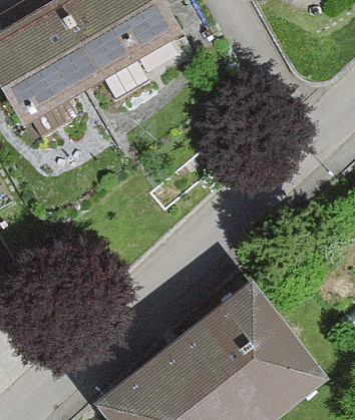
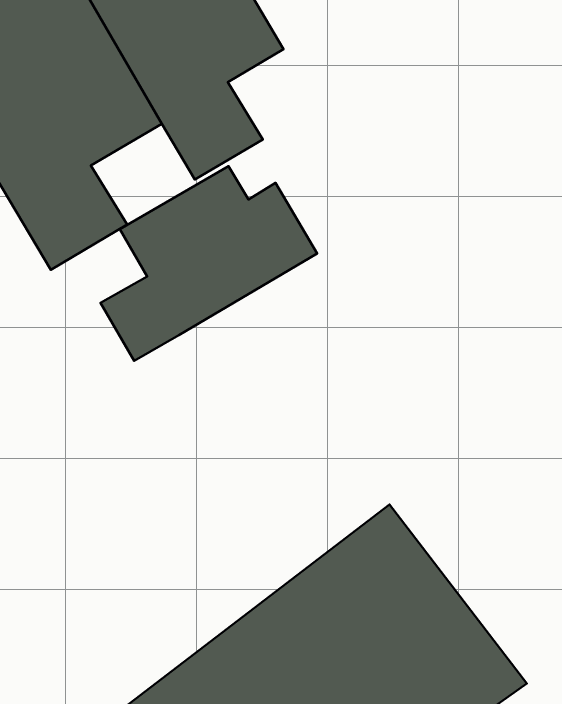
building: none -> [101,166,317,361]

